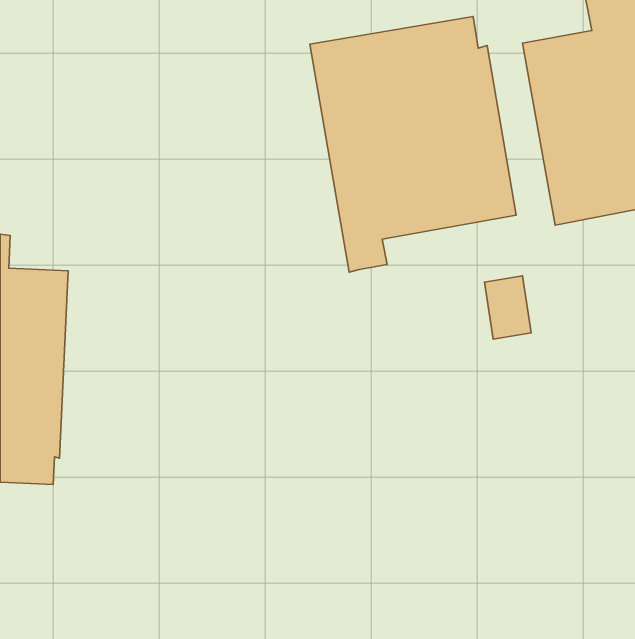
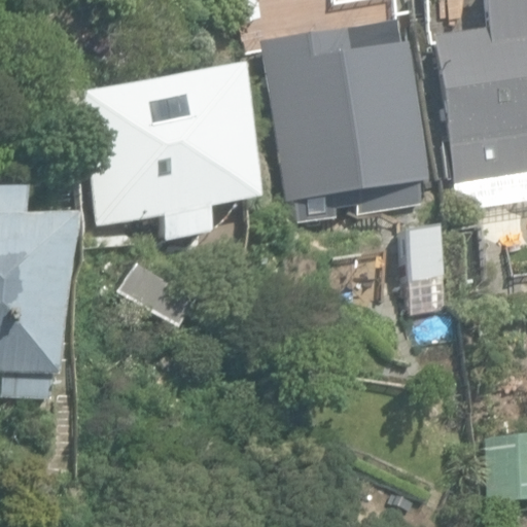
building: none -> [81,72,242,237]

